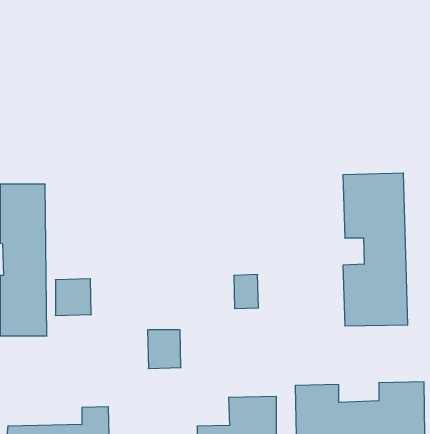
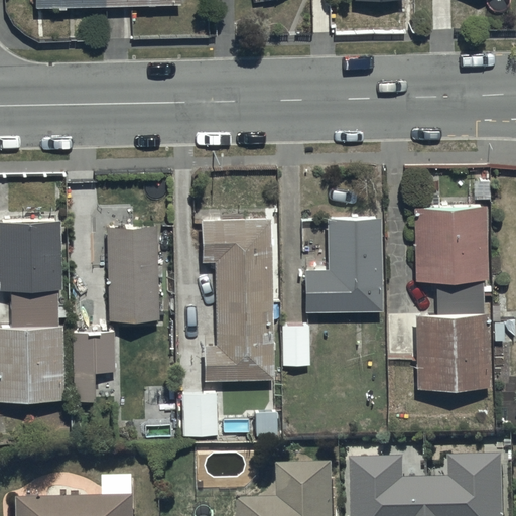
building: none -> [301,218,379,311]
building: none -> [198,220,271,381]
building: none -> [103,226,159,321]

